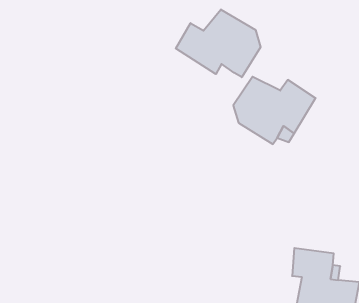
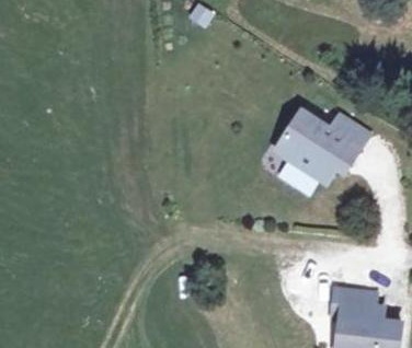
building: [176,9,261,77] -> none

